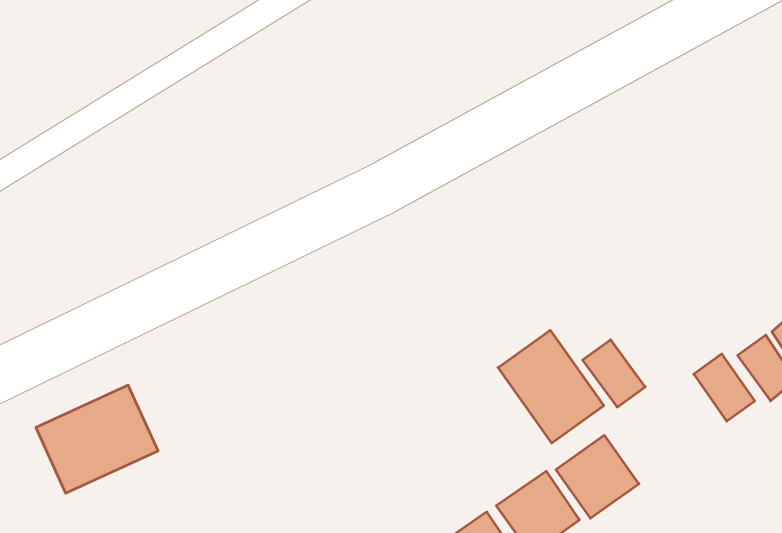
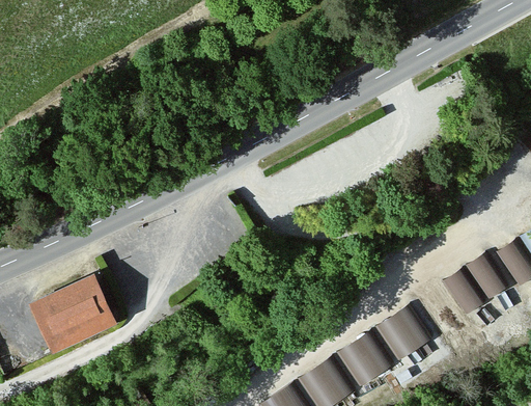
building: [498,330,604,443] -> none
building: [583,340,645,407] -> [443,270,484,315]

